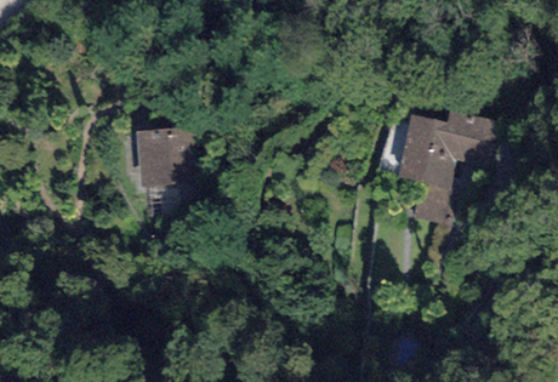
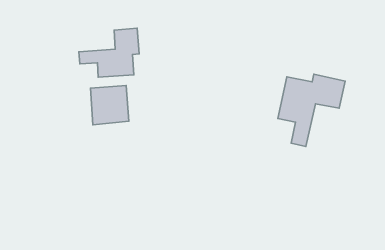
building: none -> [79,28,139,77]

